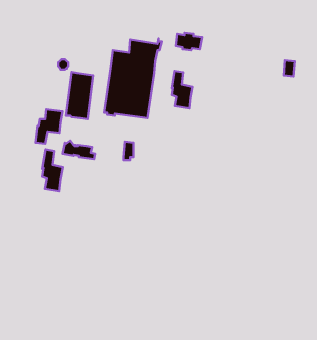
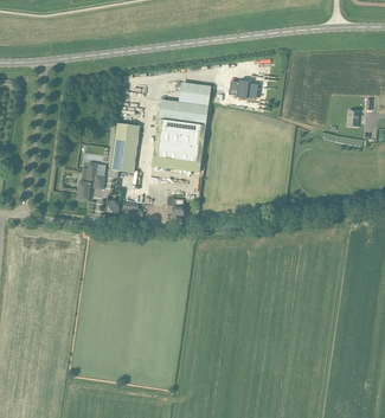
building: [172,71,192,108] -> none
building: [42,150,63,191] -> none

